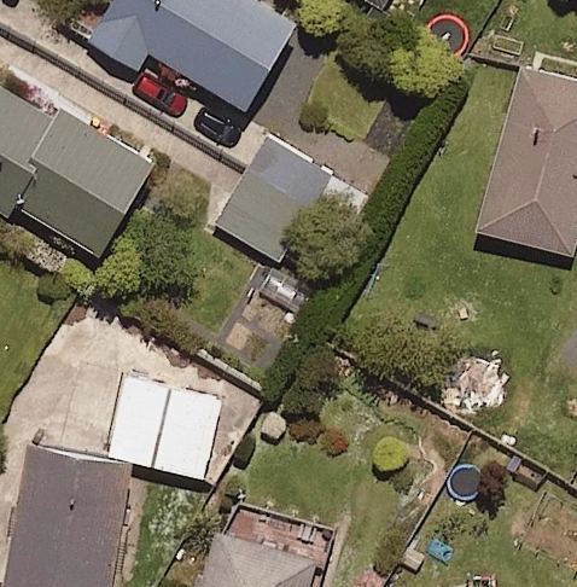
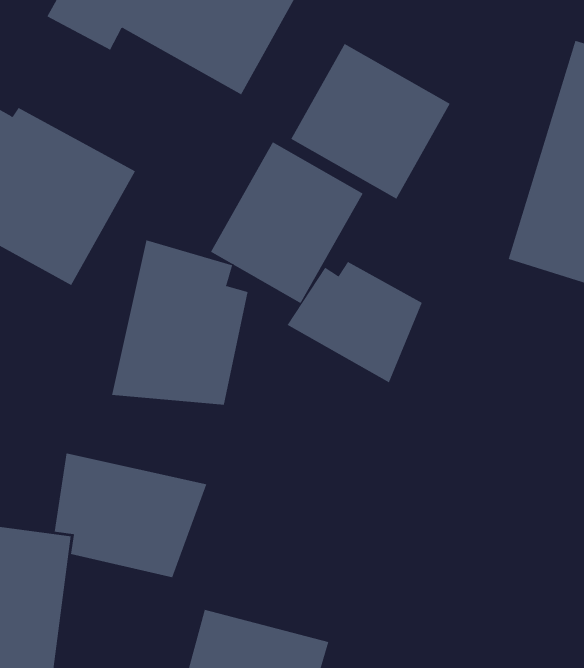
building: none -> [290,43,450,199]
building: none -> [112,239,248,406]
building: none -> [287,261,423,383]

